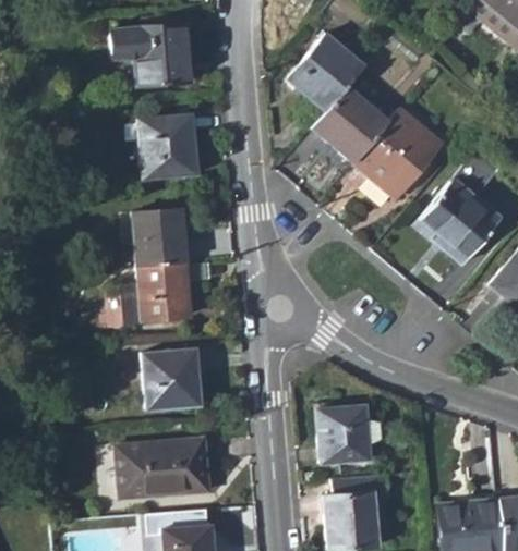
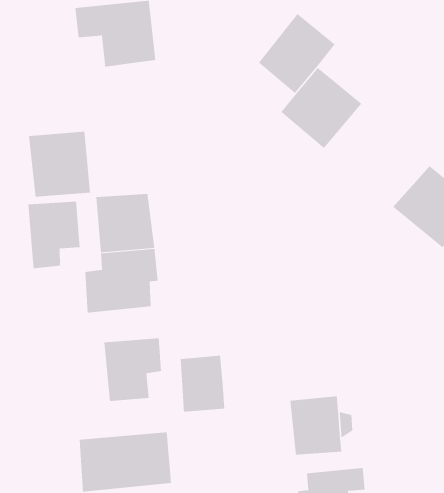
building: [353,107,443,199] -> none
building: [136,113,197,177] -> [28,131,91,197]
building: none -> [28,201,80,269]
building: none -> [180,355,225,412]

